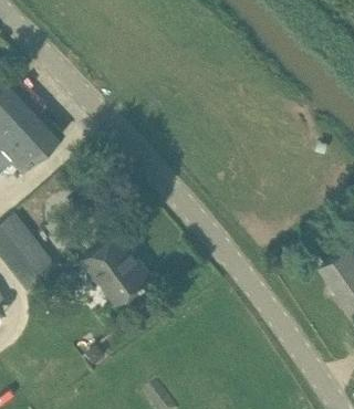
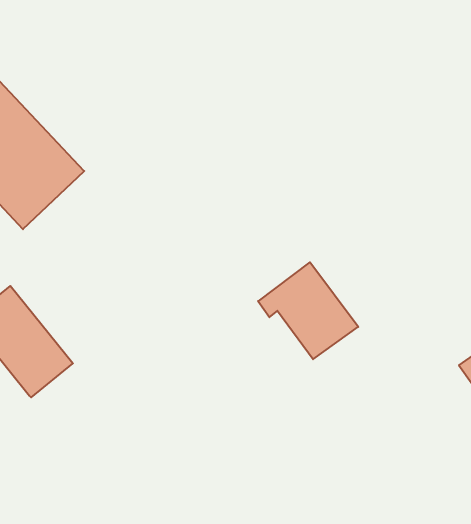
building: [82,233,150,300] -> [258,262,358,359]

